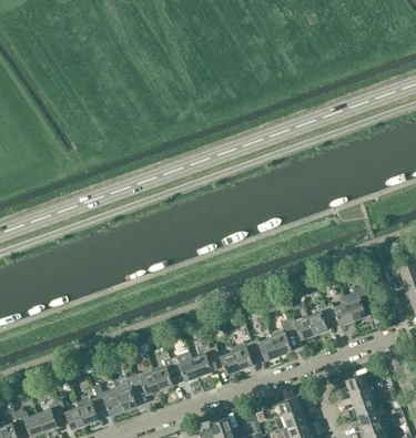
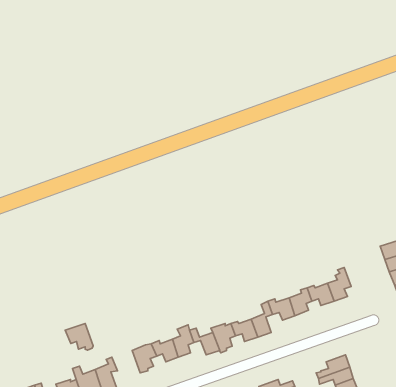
building: [133,369,161,396] -> [65,323,93,350]

